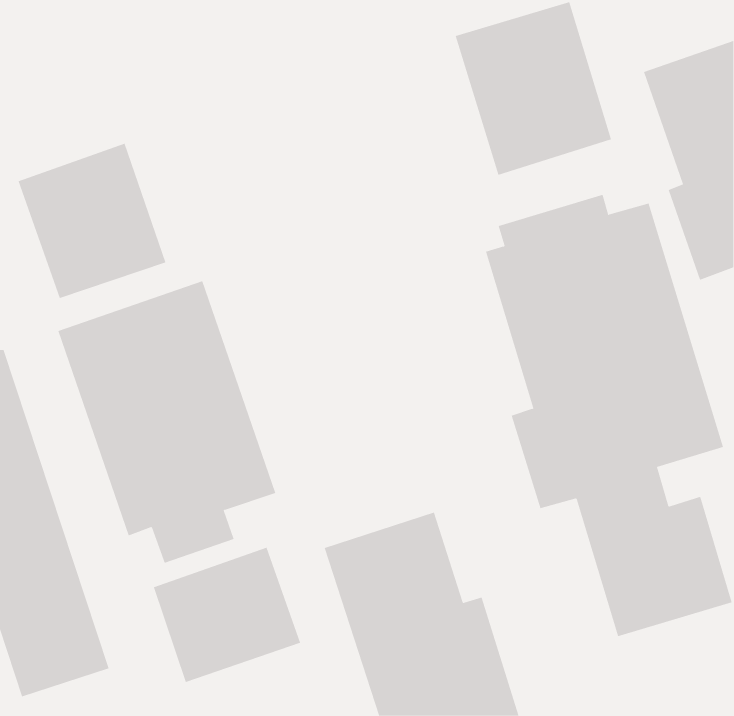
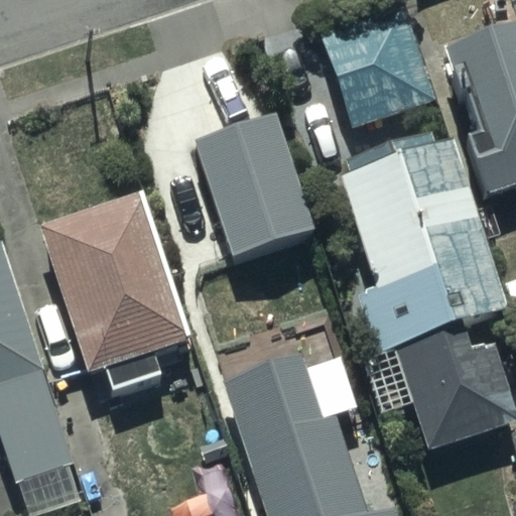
building: [18,143,166,299] -> none
building: none -> [199,115,315,258]
building: [153,547,301,683] -> none

